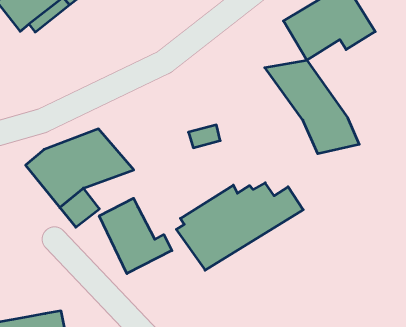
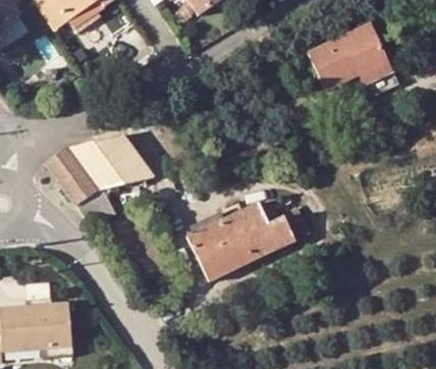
building: [265,60,359,154] -> none
building: [99,198,172,274] -> none

